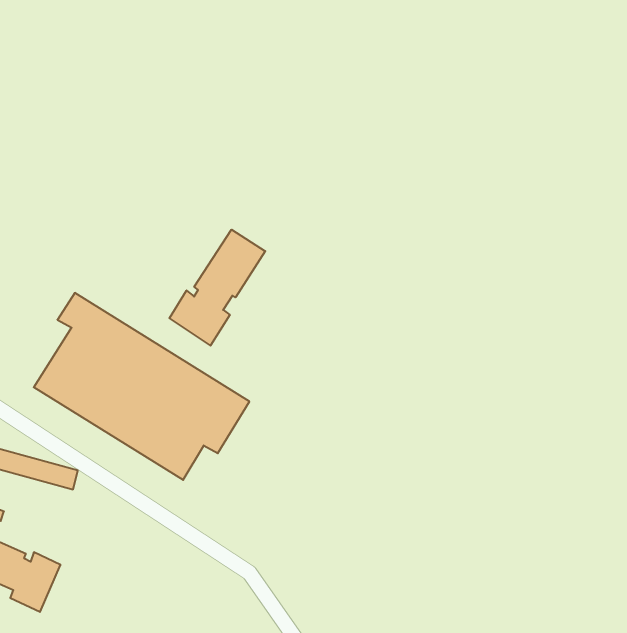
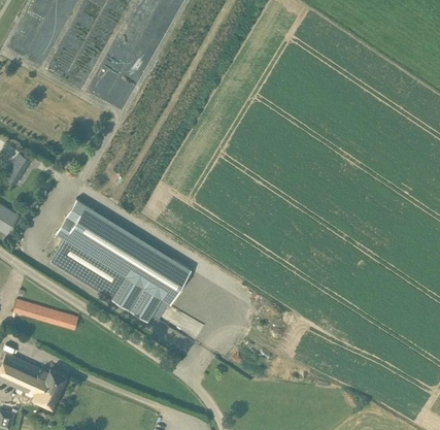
building: [169,230,265,346] -> none

